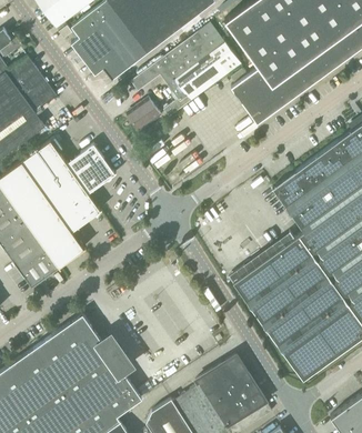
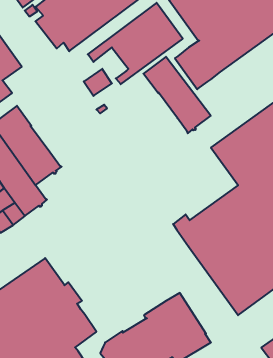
building: none -> [143,57,211,133]
building: [66,144,115,194] -> none

